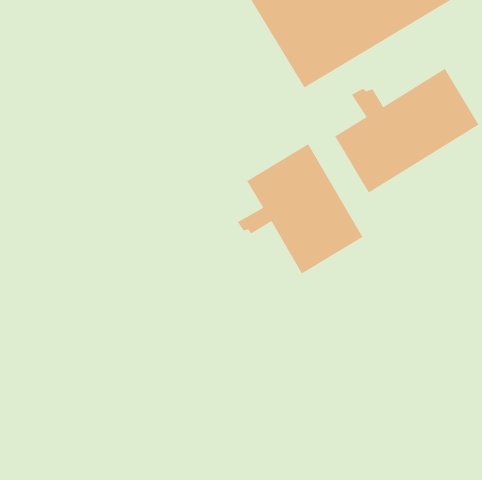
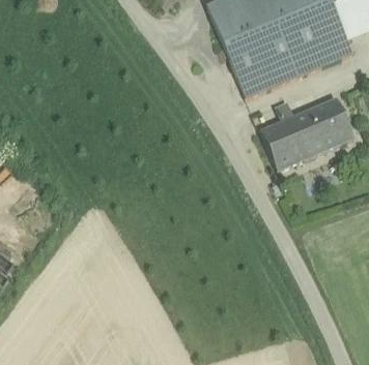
building: [237,143,364,275] -> none

